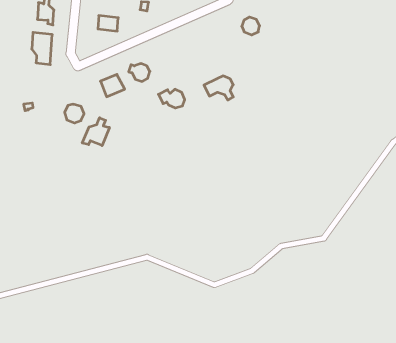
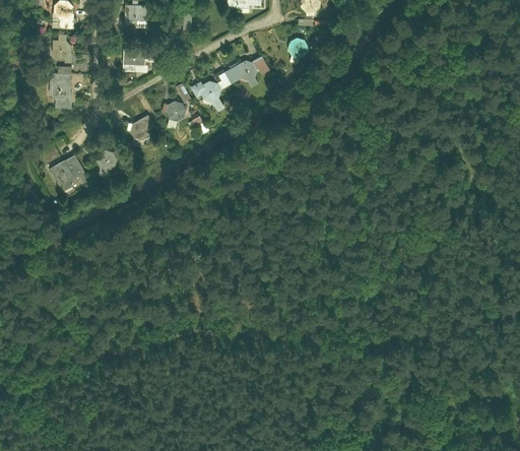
building: [204,76,233,100] -> [223,61,258,88]
building: [158,89,185,108] -> [190,80,220,102]
building: none -> [49,154,85,192]
building: [82,118,109,146] -> none

